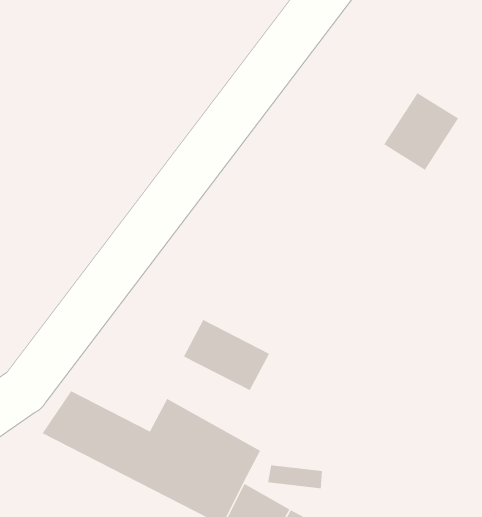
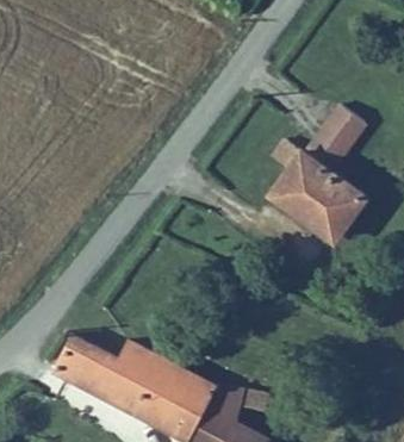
building: none -> [273,155,367,242]
building: [183,319,270,391] -> none

